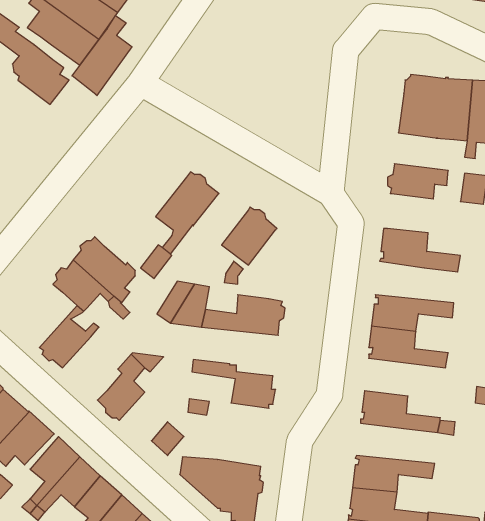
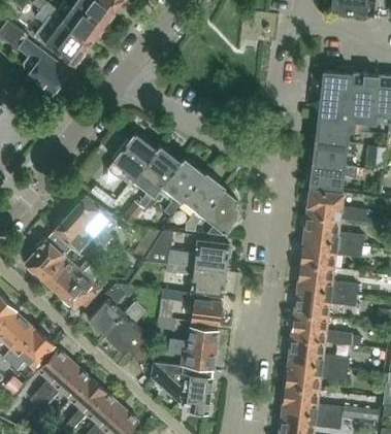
building: [72,16,132,96] -> none
building: none -> [314,116,361,144]
building: none -> [110,134,157,180]
building: none -> [162,159,204,218]
building: none -> [308,163,358,190]
building: none -> [204,191,239,236]
building: none -> [301,214,363,246]
building: none -> [26,232,73,280]
building: none -> [167,265,228,298]
building: none -> [62,272,108,309]
building: none -> [293,289,355,318]
building: none -> [105,302,146,353]
building: none -> [168,327,219,371]
building: none -> [287,338,348,369]

